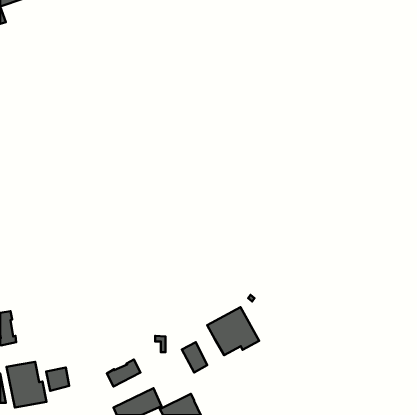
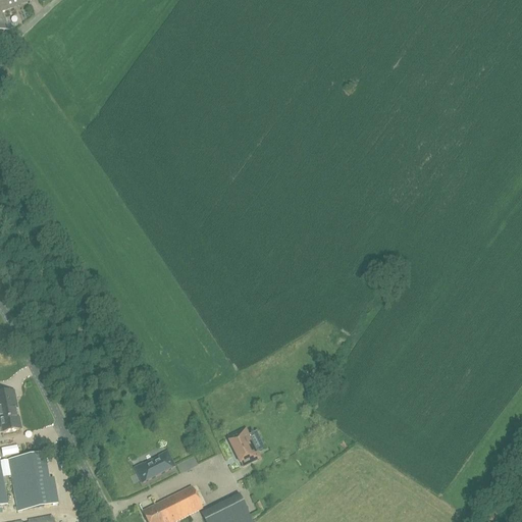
building: [207,307,259,355] -> none
building: [46,368,69,391] -> none

